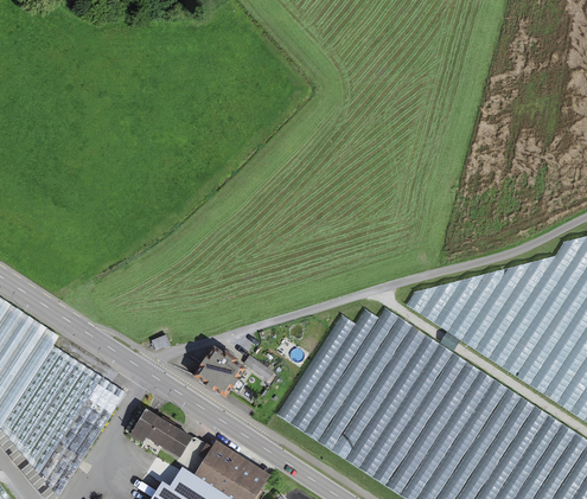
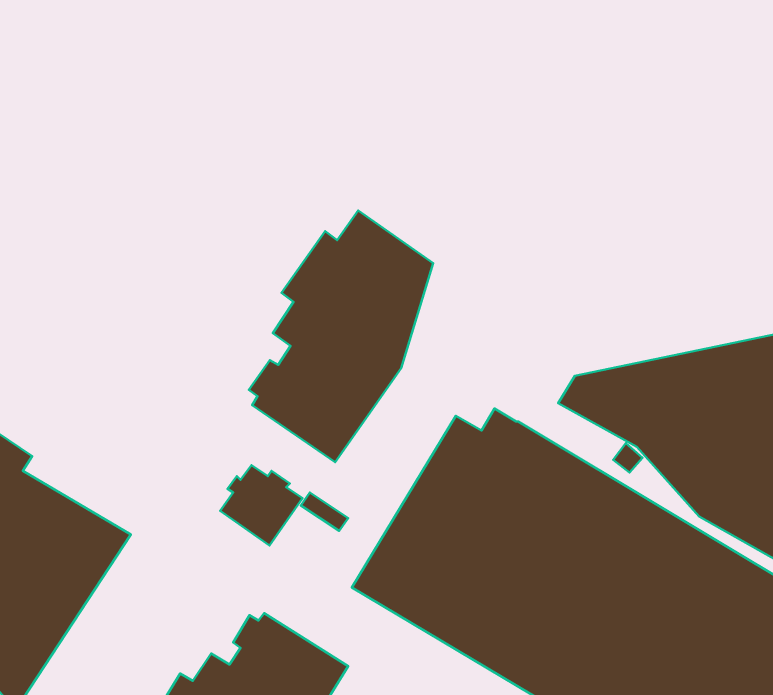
building: none -> [249,211,433,462]
building: [130,408,193,455] -> none

